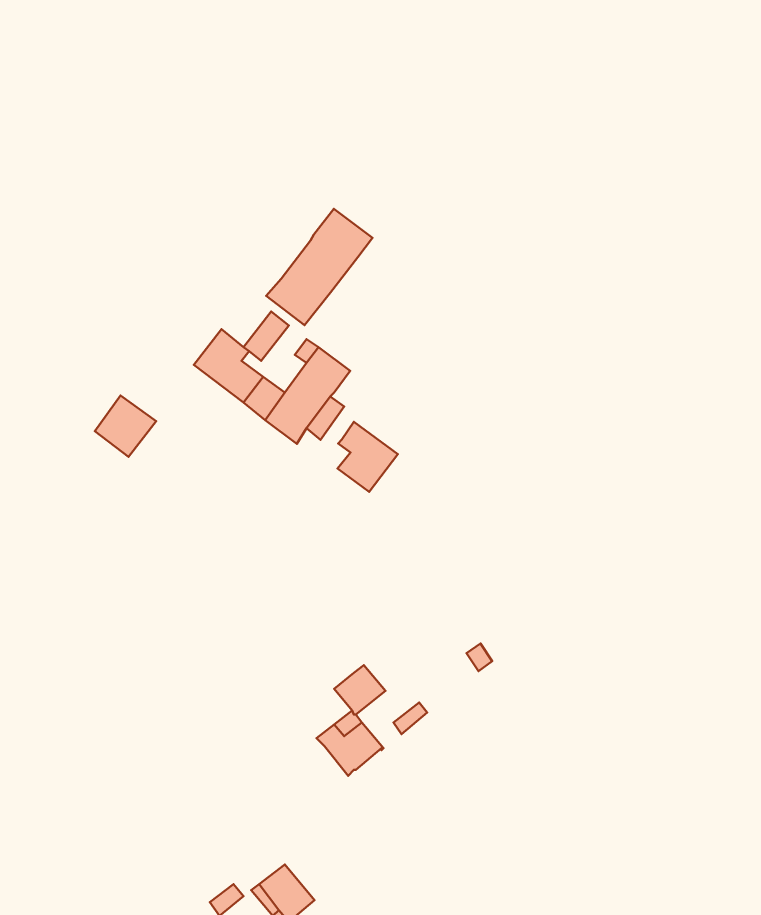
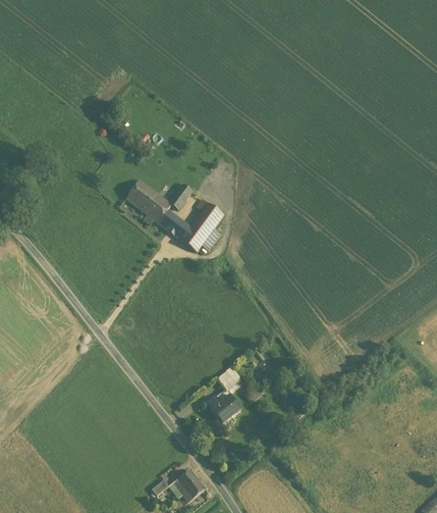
building: [266,209,373,325] -> none
building: [95,396,156,457] -> [125,179,157,211]
building: [338,422,398,492] -> none

